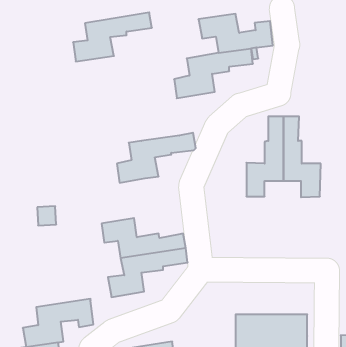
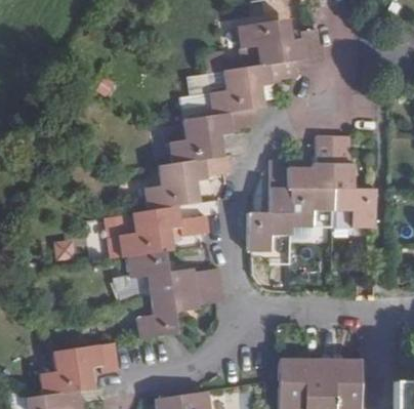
building: [73,12,152,61] -> [169,108,258,163]
building: none -> [247,160,291,251]
building: none -> [118,205,209,257]

